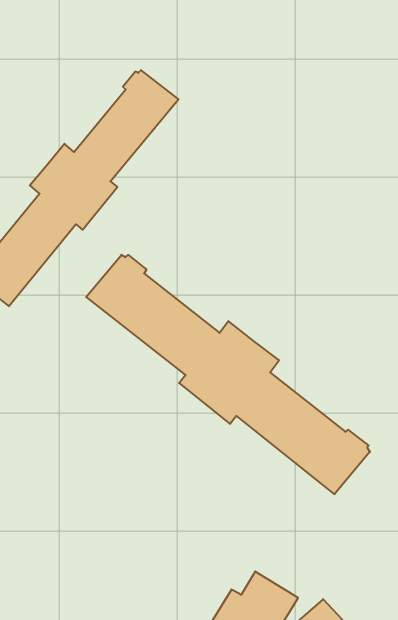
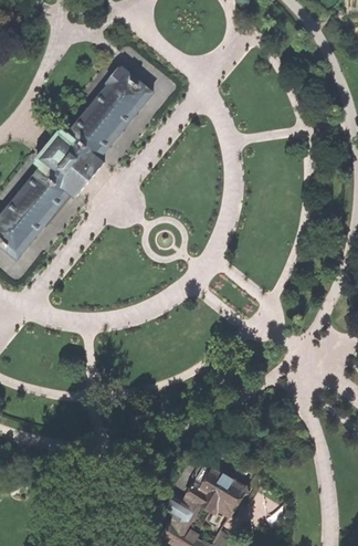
building: [86,255,370,494] -> none

